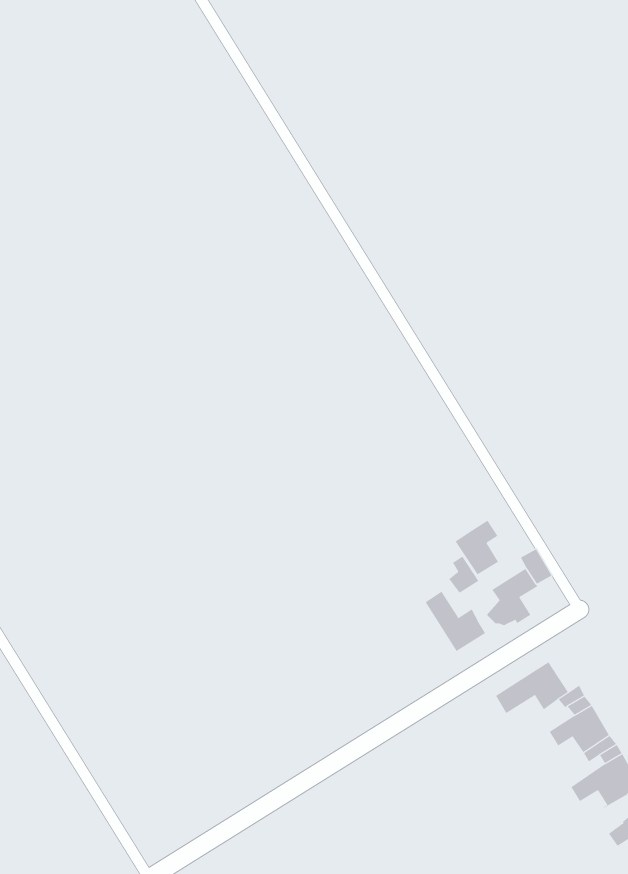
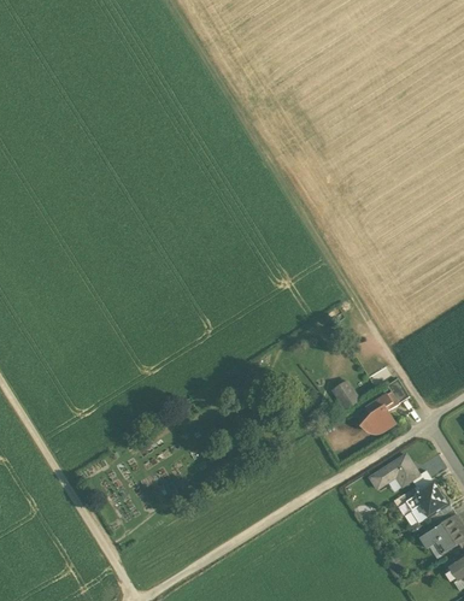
building: [455,520,499,575] -> none
building: [425,591,486,652] -> none

